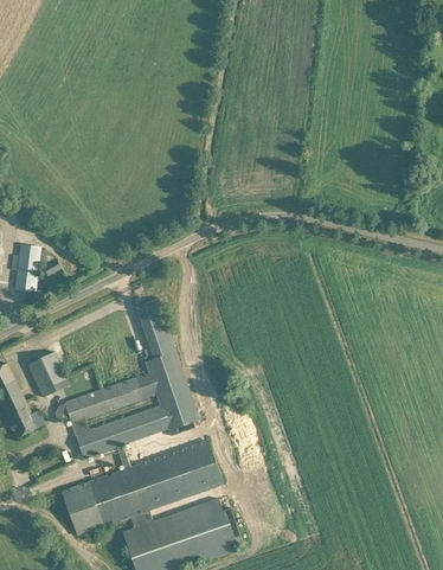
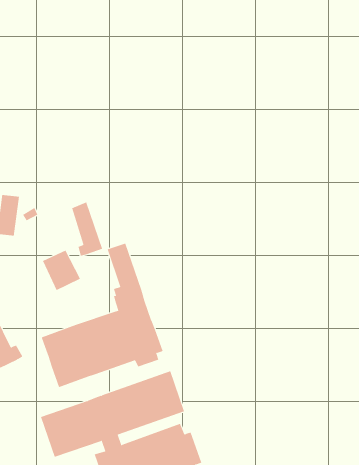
building: none -> [71,202,103,256]
building: [26,352,69,397] -> [42,250,81,291]

